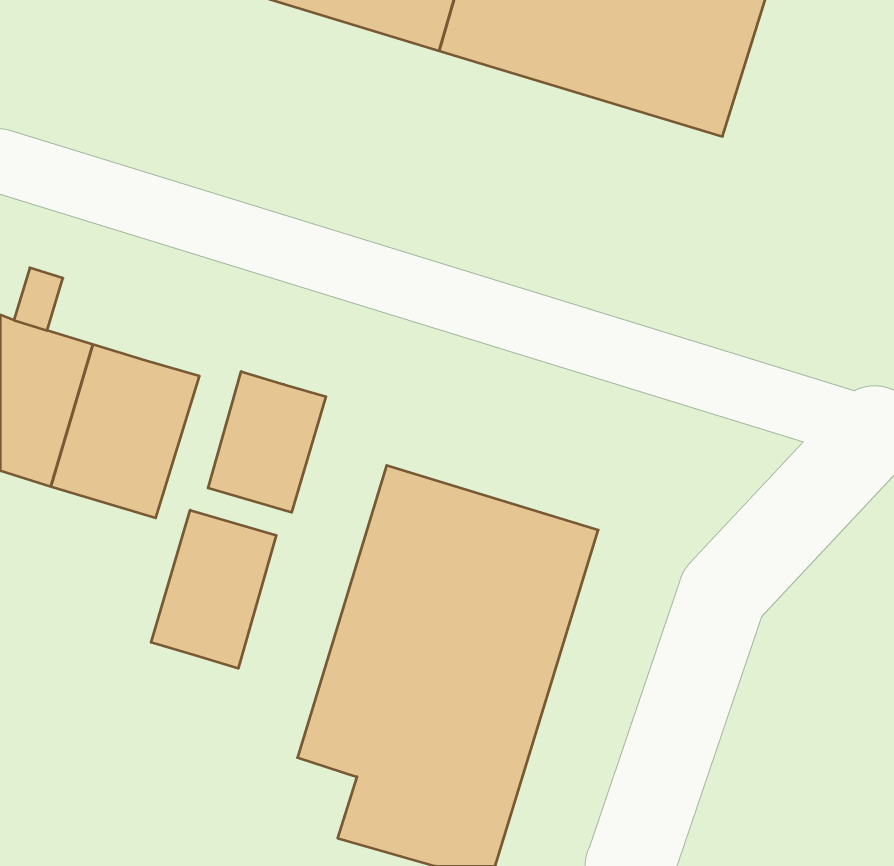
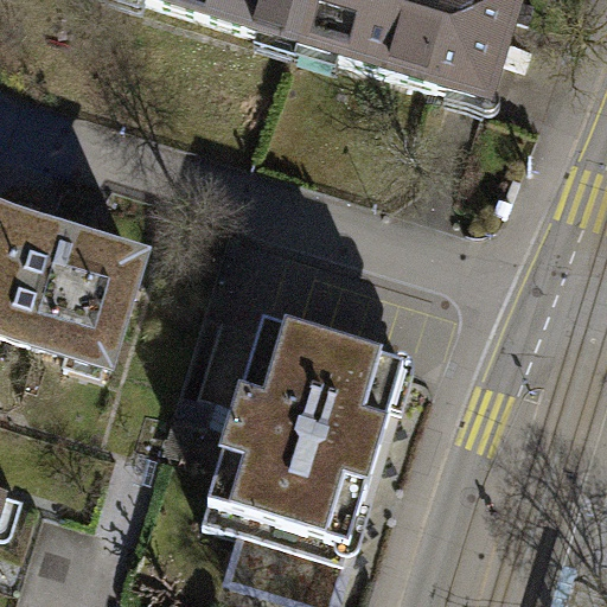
building: [208,371,326,512] -> none
building: [151,510,276,668] -> none

